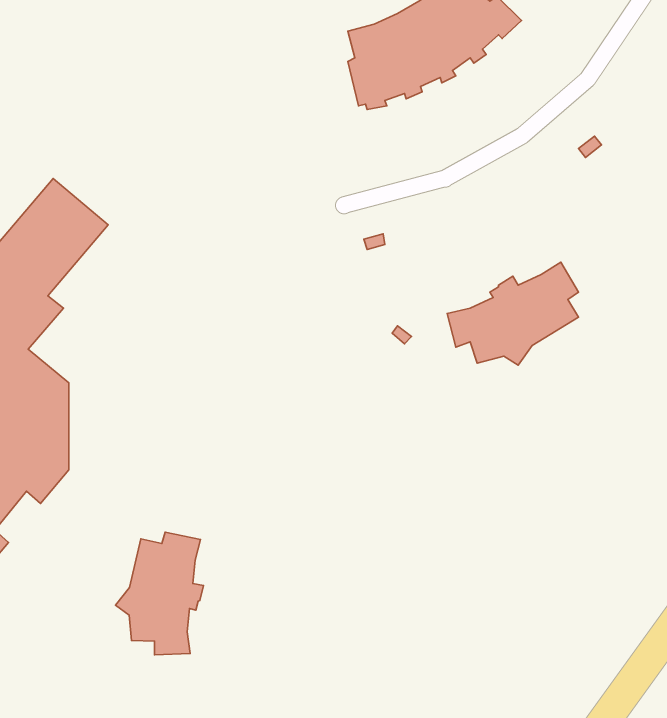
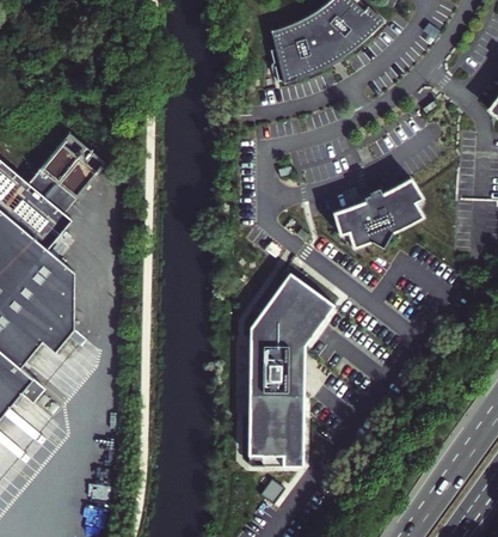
building: none -> [247,271,333,464]
building: [116,532,203,655] -> none

